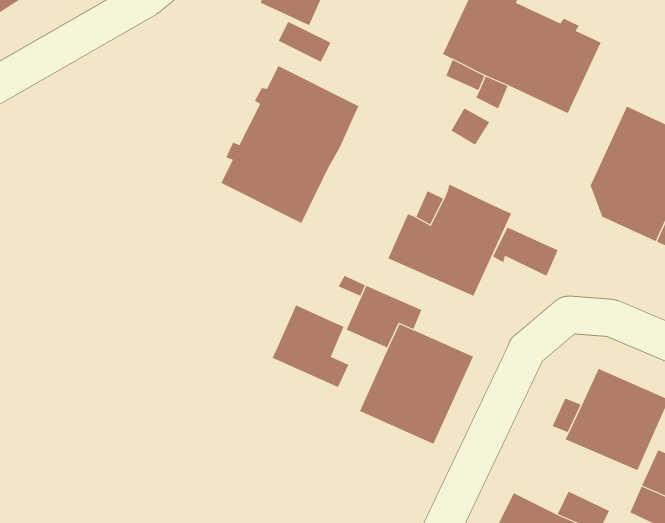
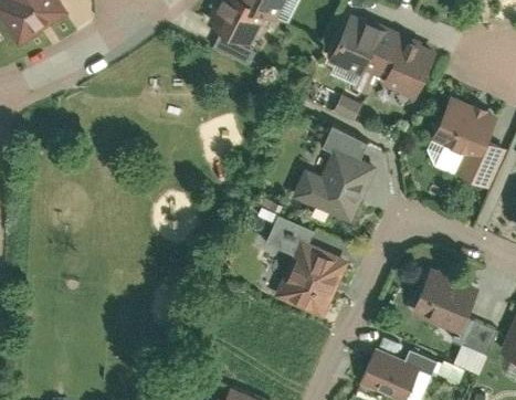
building: [220,65,359,224] -> none
building: [492,227,558,277] -> [324,126,368,159]
building: [272,305,349,388] -> none

